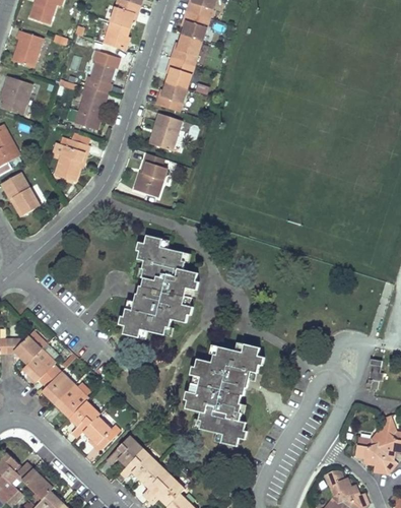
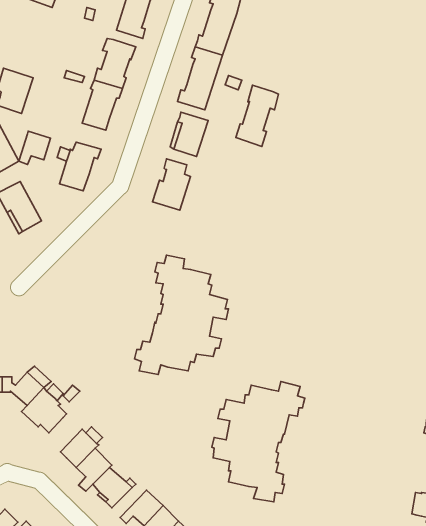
building: [12,30,43,68] -> none
building: none -> [236,85,279,146]
building: none -> [19,131,51,165]
building: [42,371,74,403] -> none

